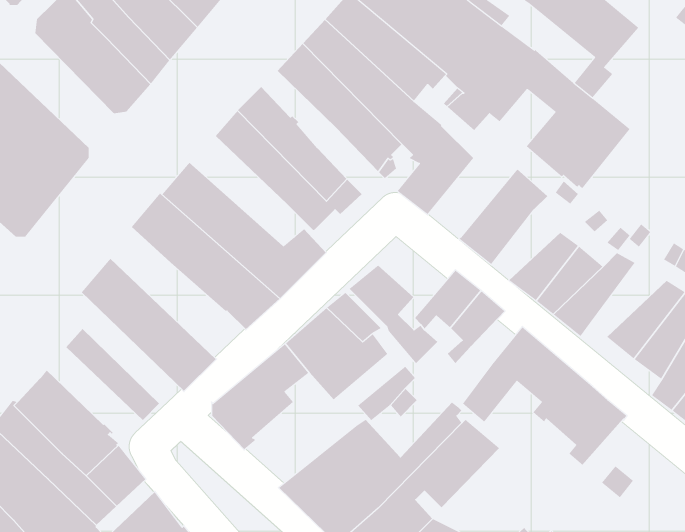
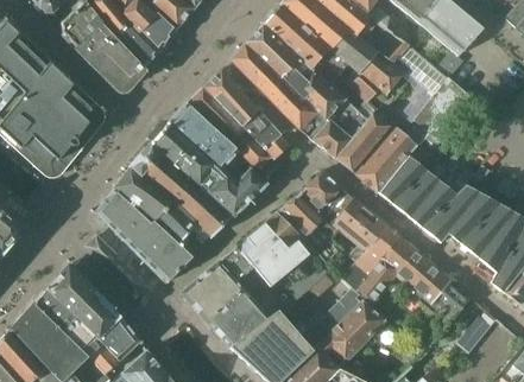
building: none -> [170,104,242,180]
building: none -> [335,113,390,171]
building: none -> [379,155,427,204]
building: none -> [114,167,198,259]
building: none -> [299,171,354,222]
building: none -> [448,192,500,243]
building: none -> [341,225,400,292]
building: none -> [208,287,285,348]

